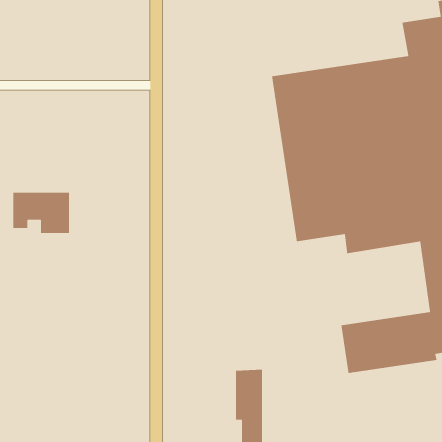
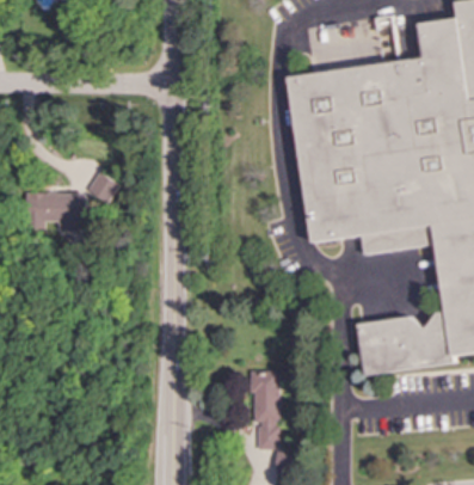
building: none -> [88,173,119,205]

